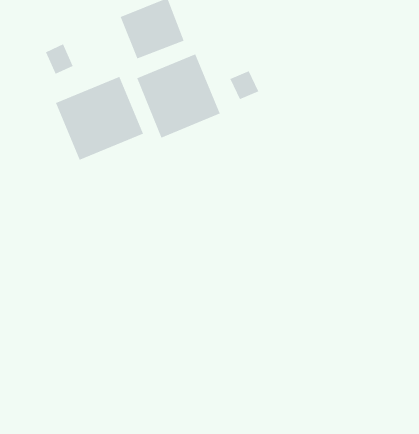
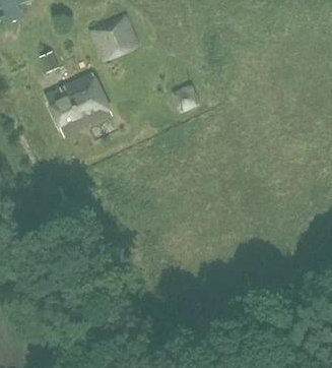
building: [136,53,220,138] -> none

